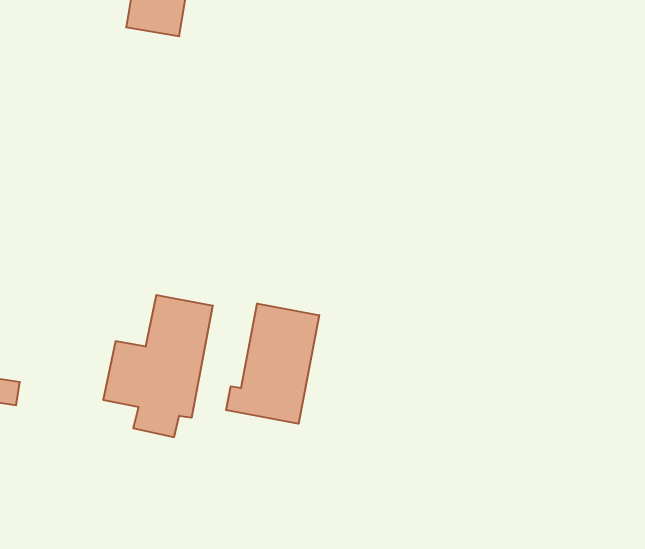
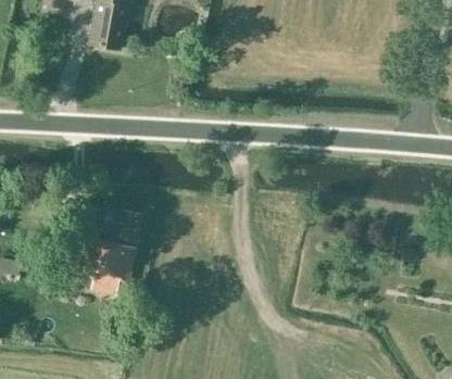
building: [226,303,319,424] -> none

